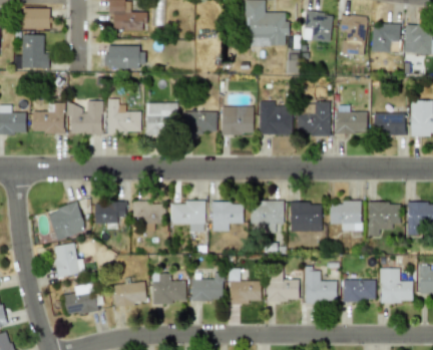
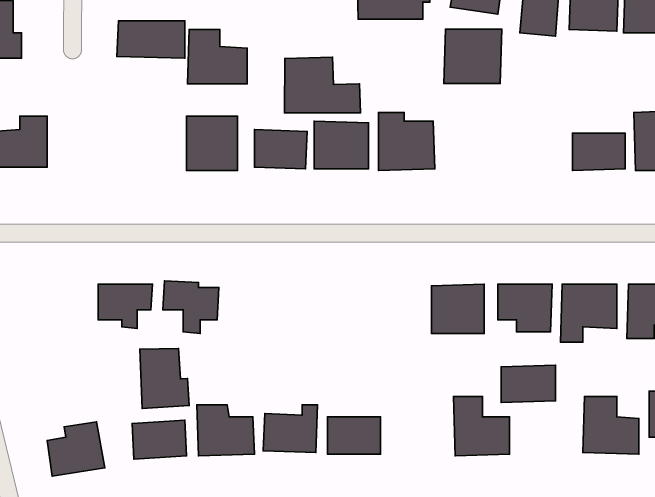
building: none -> [285,57,361,113]
building: [67,101,102,134] -> none
building: [106,101,141,133] -> [187,29,247,84]
building: [297,103,331,135] -> [444,29,502,84]
building: [336,105,367,134] -> none
building: [251,202,284,233] -> none
building: [47,203,86,241] -> none
building: [171,203,205,233] -> none
building: [211,203,244,232] -> none
building: none -> [140,348,189,408]
building: [53,243,85,278] -> none
building: [267,270,300,302] -> none
building: [343,280,375,302] -> [501,365,555,403]

